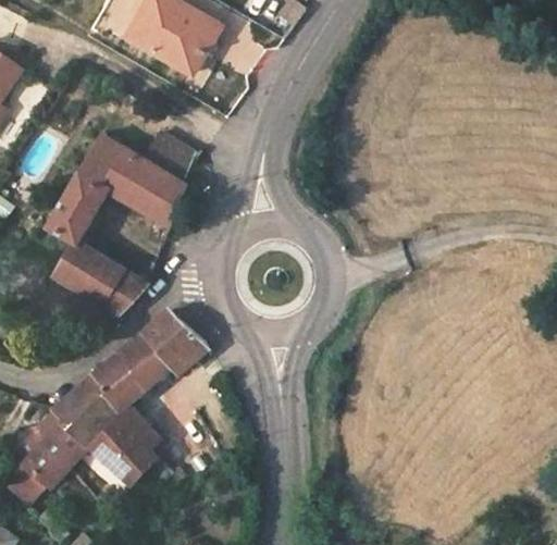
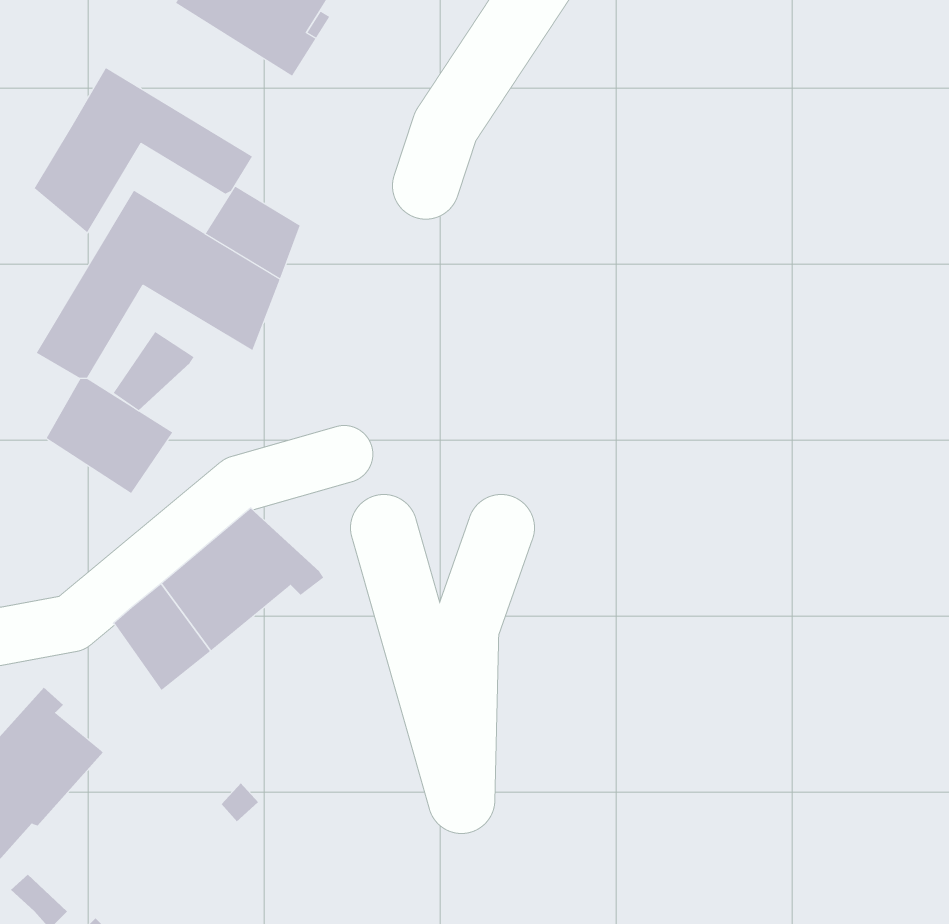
building: none -> [34,67,253,233]
building: [101,270,146,313] -> [113,331,194,411]
building: [53,374,117,444] -> none
building: [89,408,165,484] -> none

